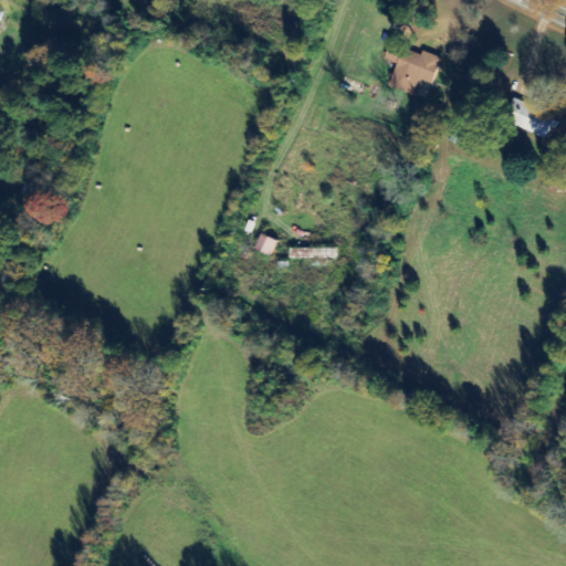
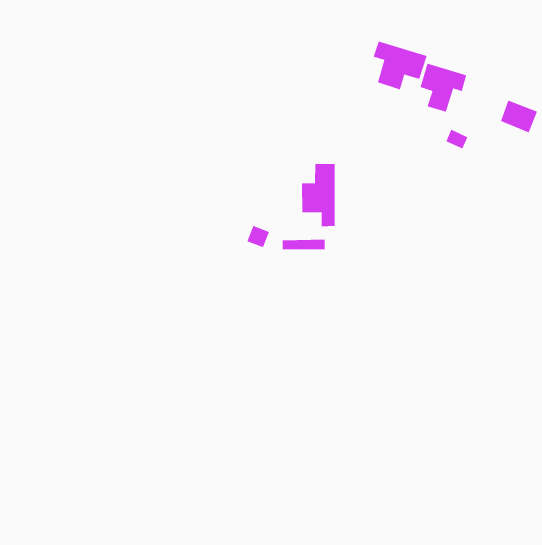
building: none -> [420,63,467,112]
building: none -> [301,163,335,227]

